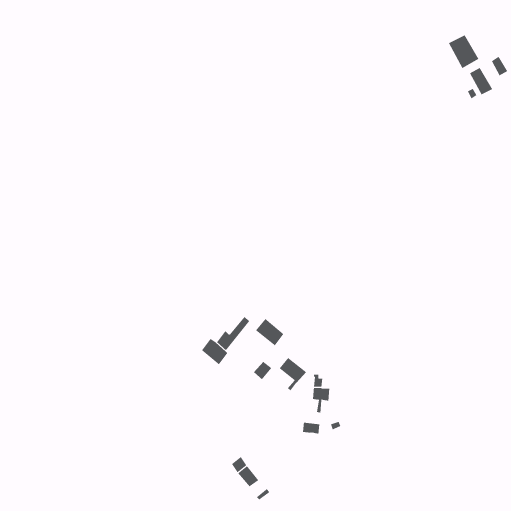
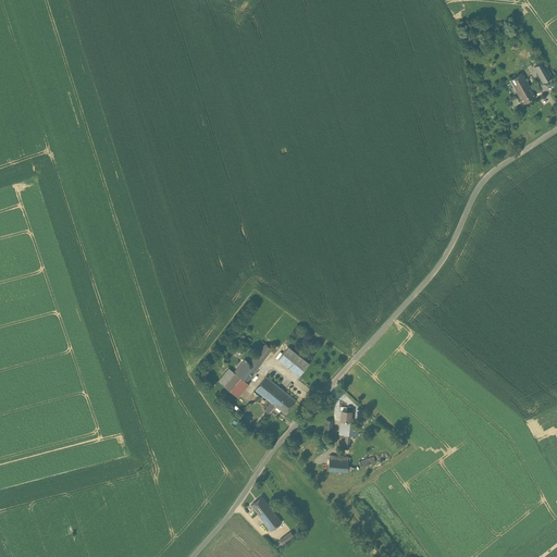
building: [448,34,479,69] -> none
building: [279,357,307,391] -> [256,376,286,413]

